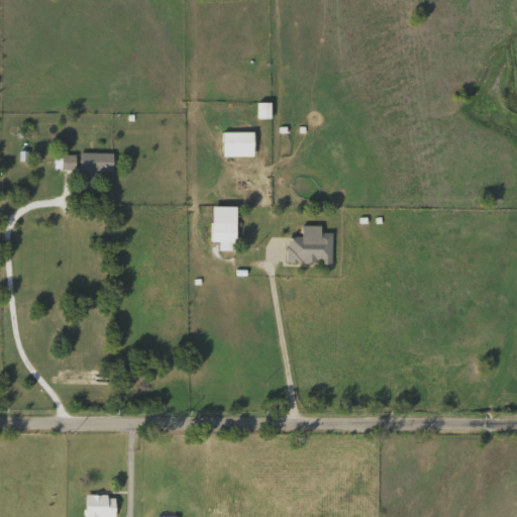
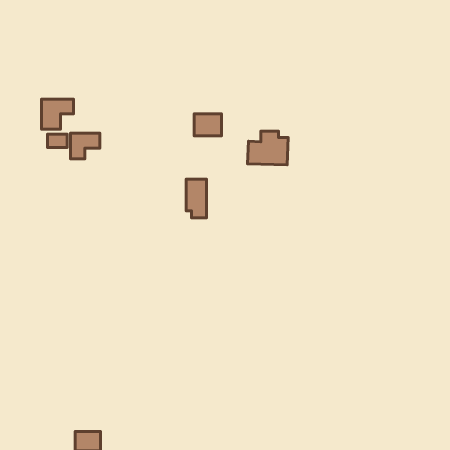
building: none -> [42,99,74,129]
building: [288,225,334,264] -> [248,131,288,165]

